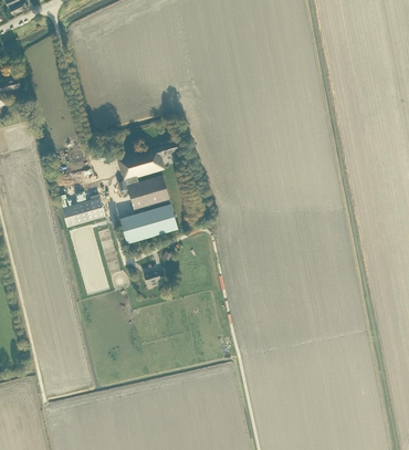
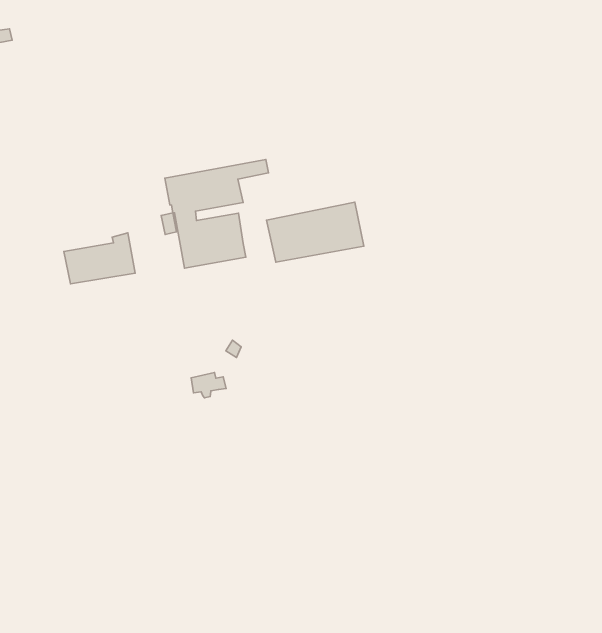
building: [118,203,177,243] -> [267,202,364,262]

